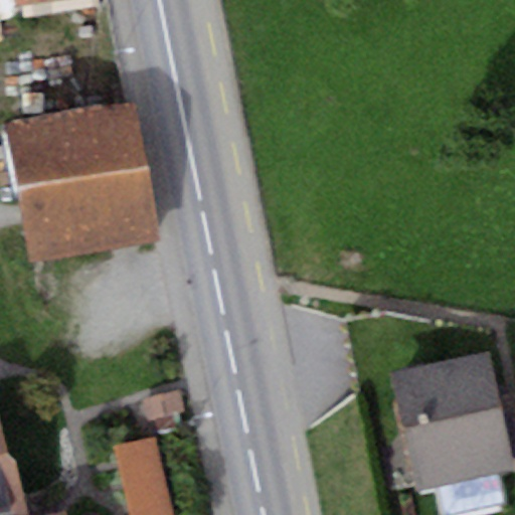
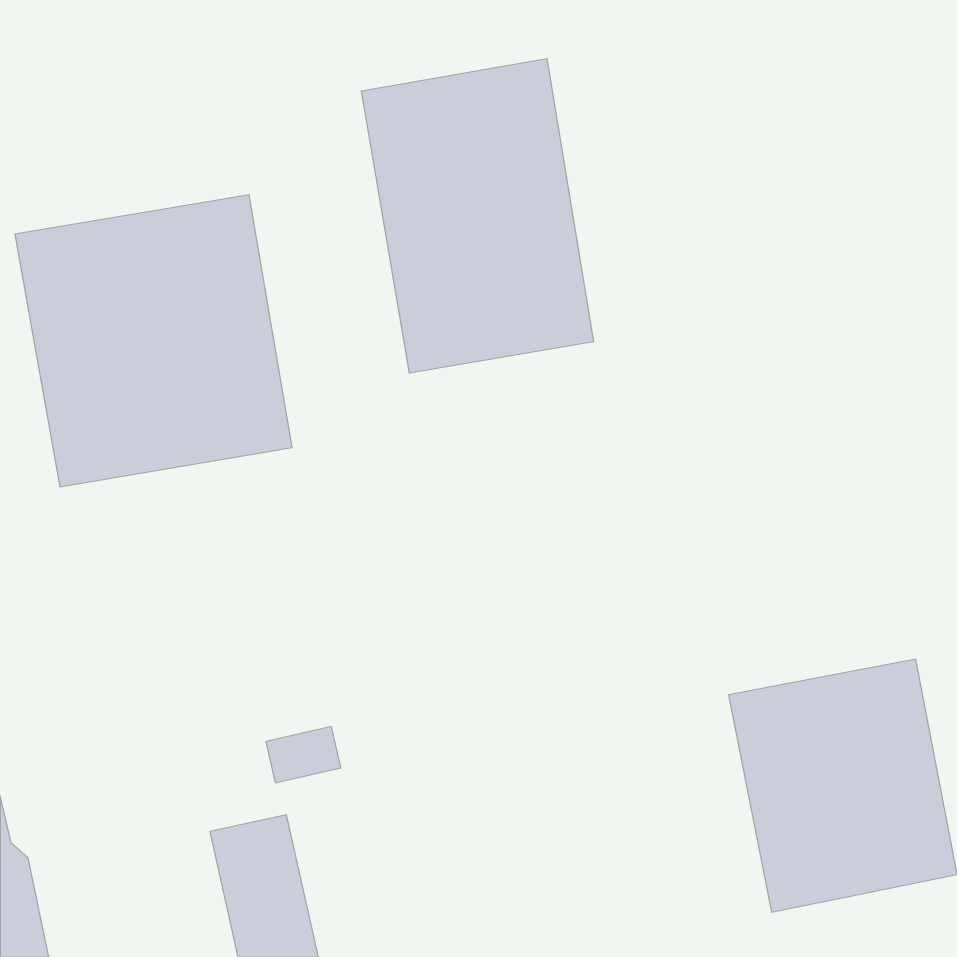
building: none -> [361,59,594,373]

